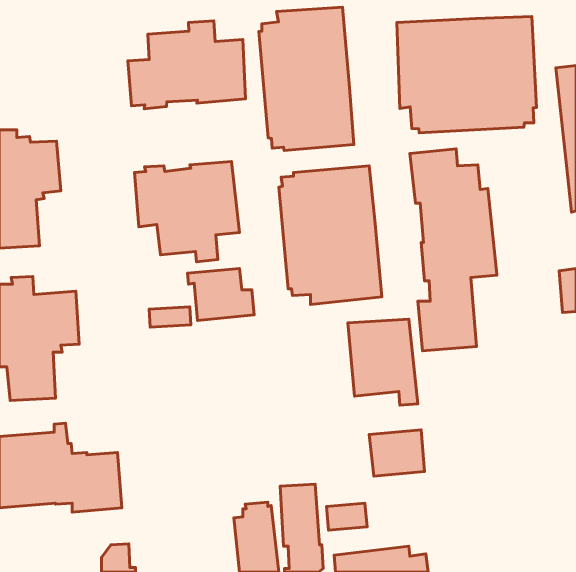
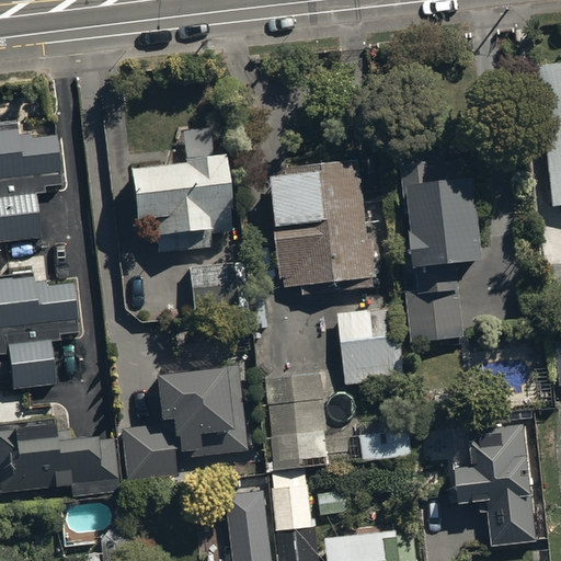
building: [259,7,354,151] -> none
building: [397,16,537,133] -> none
building: [128,21,246,109] -> none
building: none -> [121,366,245,482]
building: none -> [265,369,329,468]
building: none -> [455,416,536,540]

